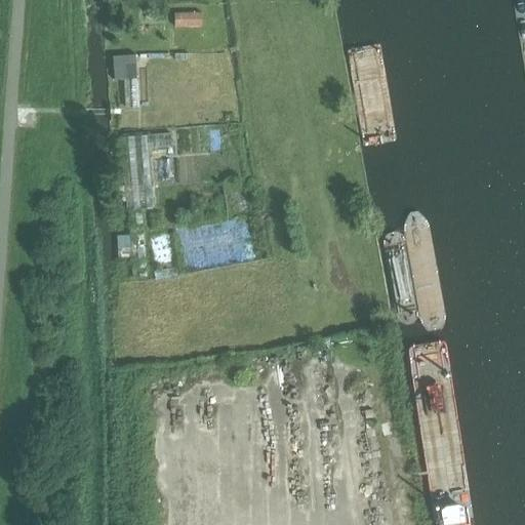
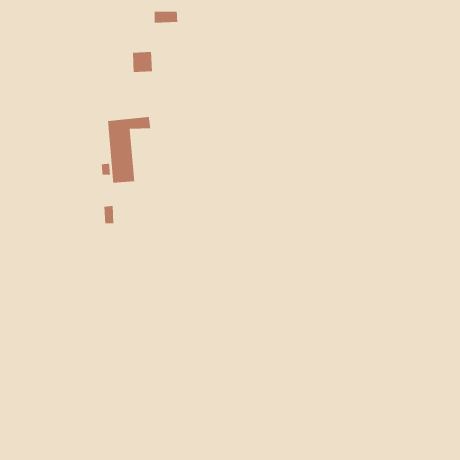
building: [114,54,137,79] -> [132,51,153,73]

